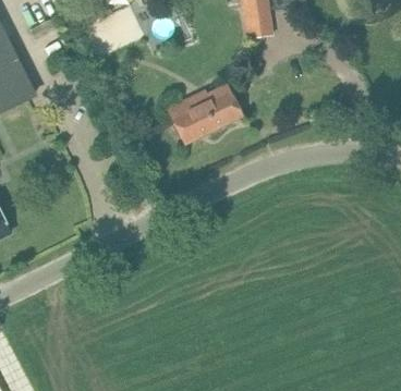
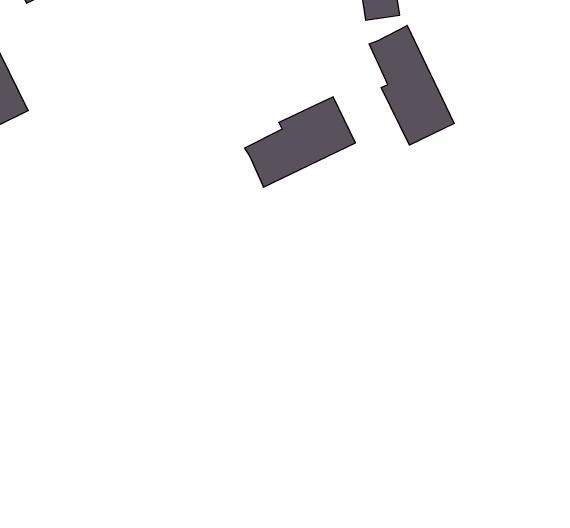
building: none -> [369,25,454,145]

